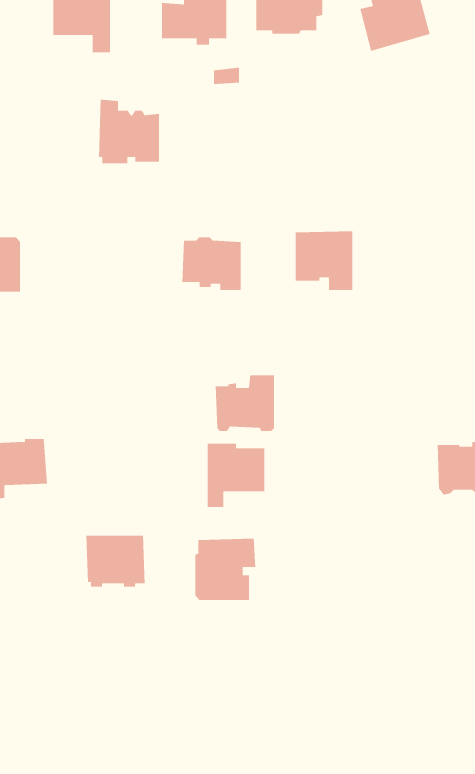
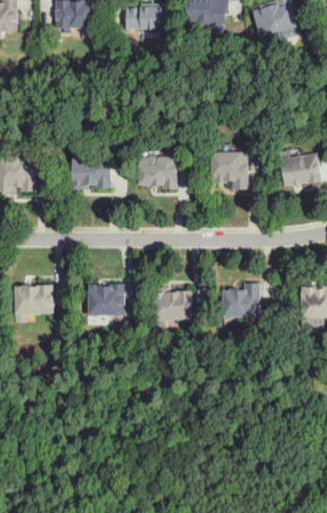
building: [98,99,160,164] -> [71,148,110,189]
building: none -> [279,150,321,187]
building: [215,375,275,431] -> [222,284,260,320]
building: [86,535,145,587] -> [87,285,125,318]
building: [195,538,256,601] -> none

